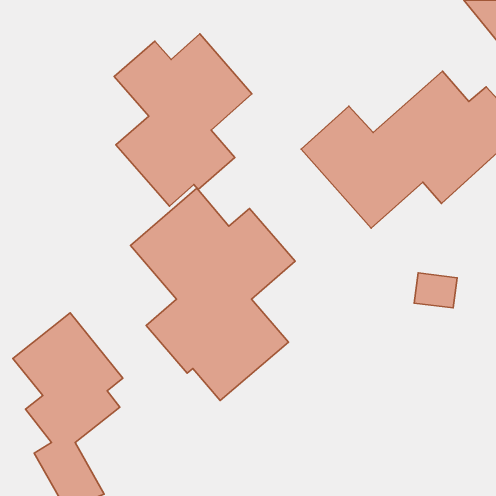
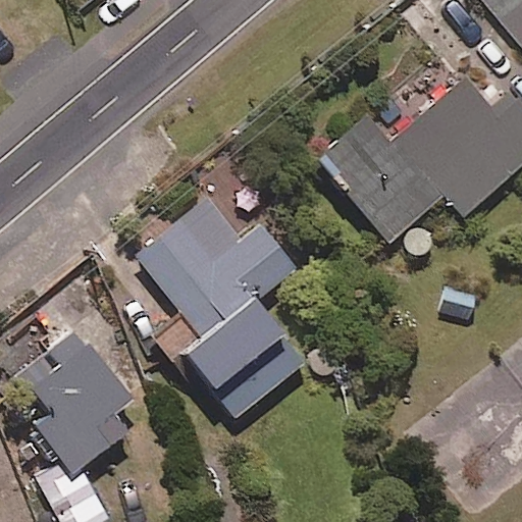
building: [114,34,252,206] -> none

